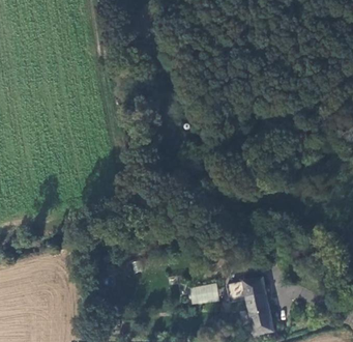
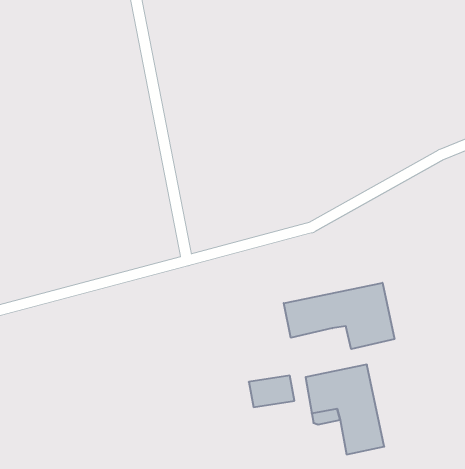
building: none -> [284,283,394,349]

